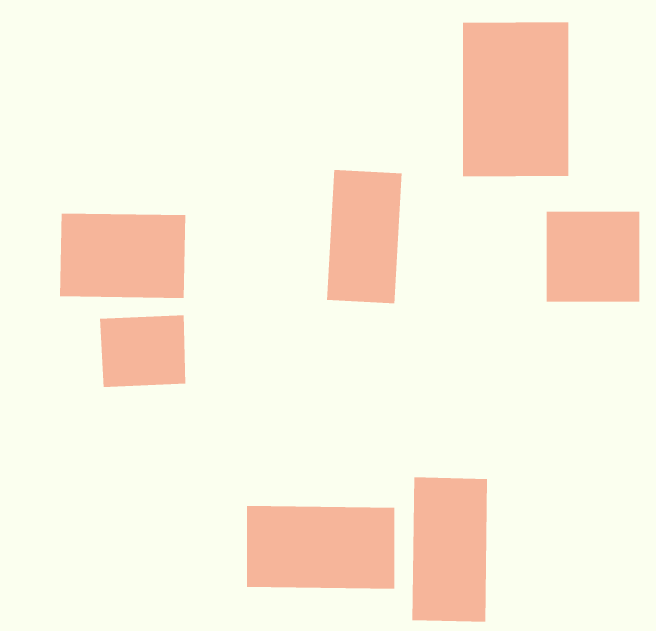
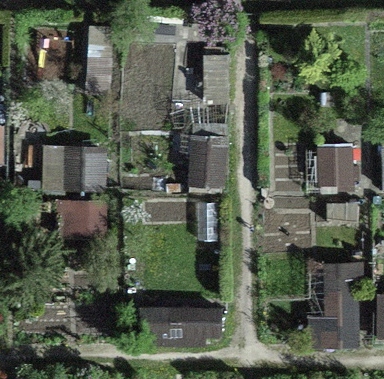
building: [463,21,569,177] -> none
building: [412,477,488,622] -> [319,265,361,345]

